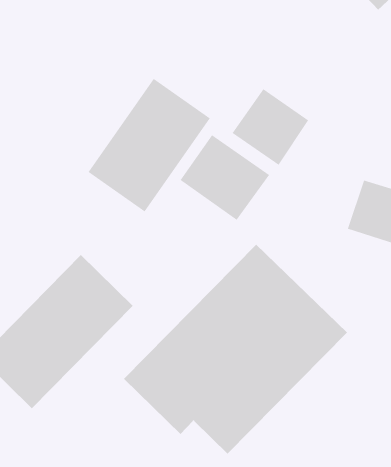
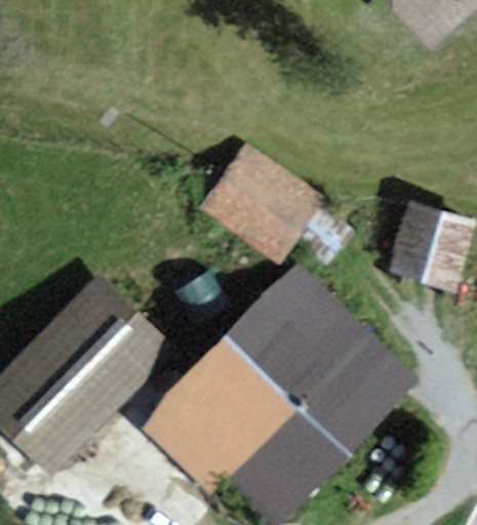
building: [88,78,211,212] -> none
building: [232,88,309,166] -> none

